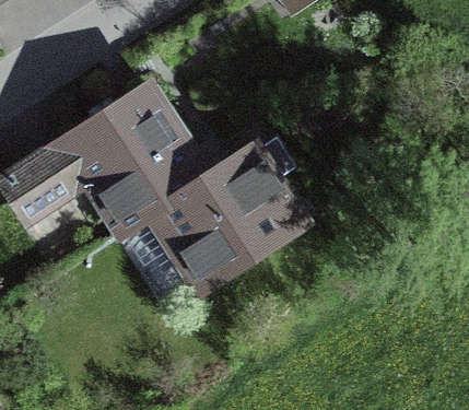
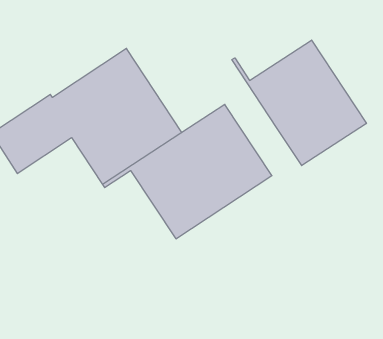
building: none -> [232,40,366,166]

